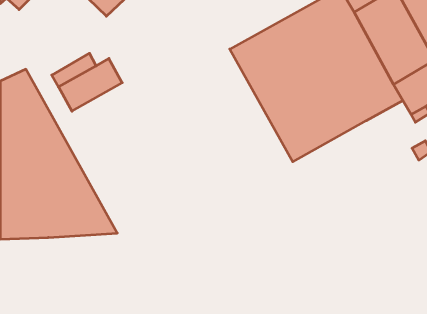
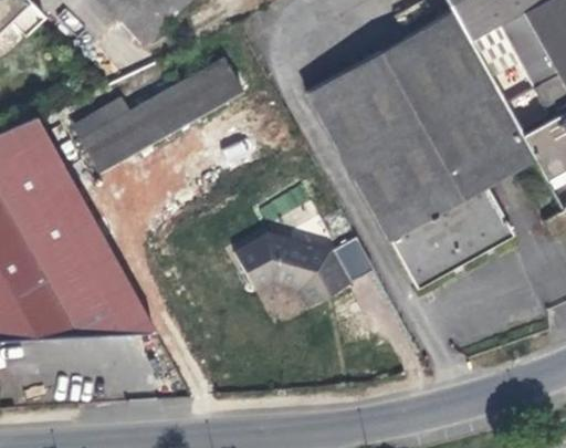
building: none -> [146,58,242,134]
building: none -> [388,184,512,285]
building: none -> [237,217,376,310]

